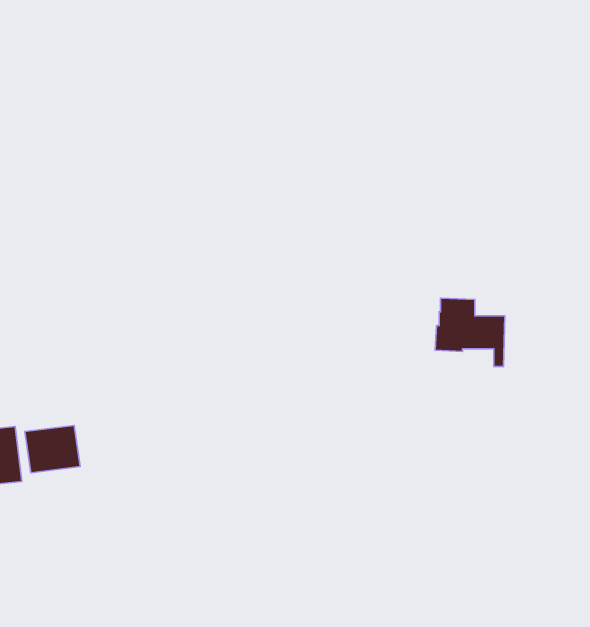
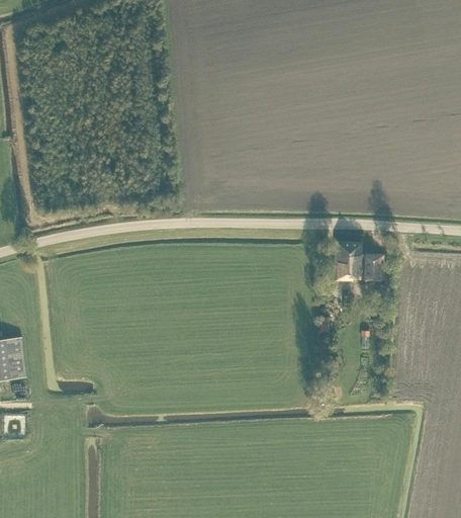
building: [25,425,80,473] -> none

